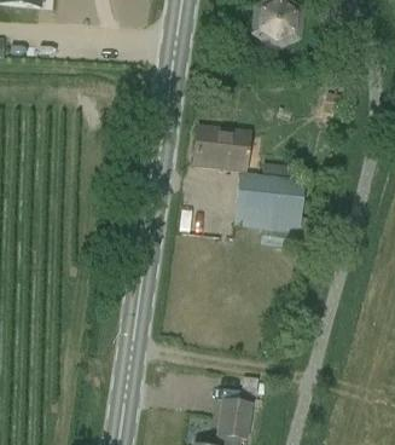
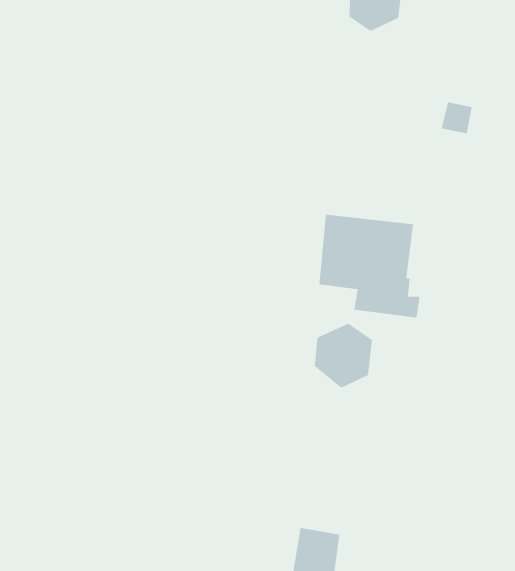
building: [196,127,245,166] -> none
building: none -> [314,323,373,388]

